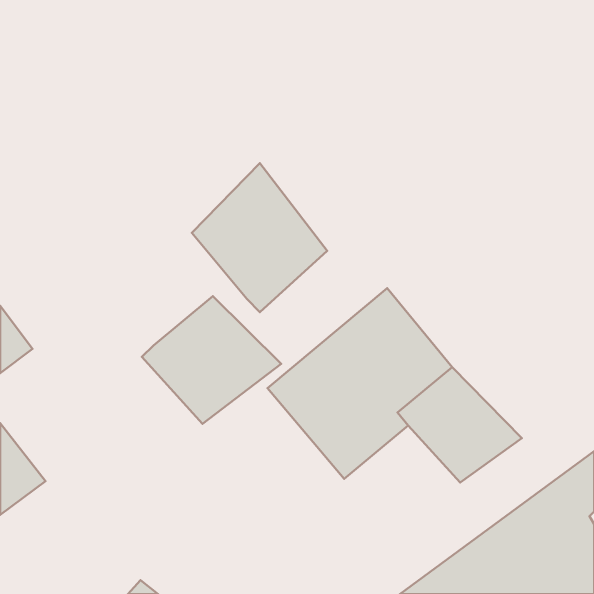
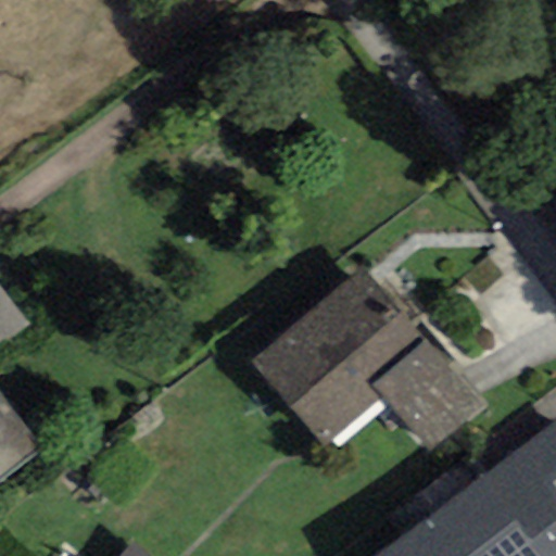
building: [192,163,327,312] -> none
building: [142,296,281,424] -> none

